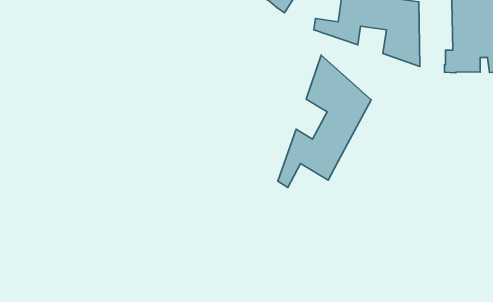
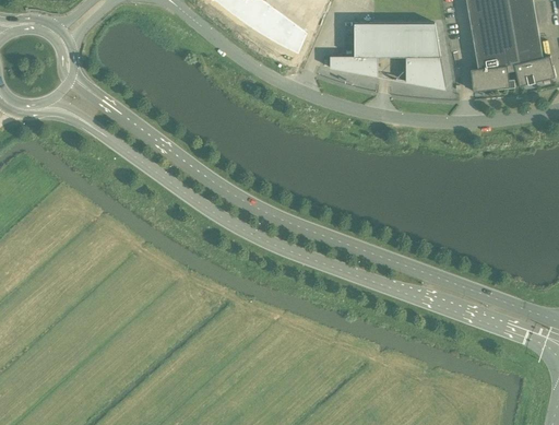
building: [278,55,371,187] -> none

